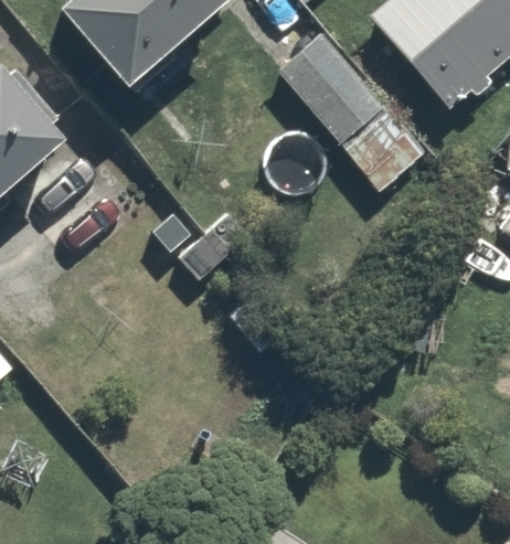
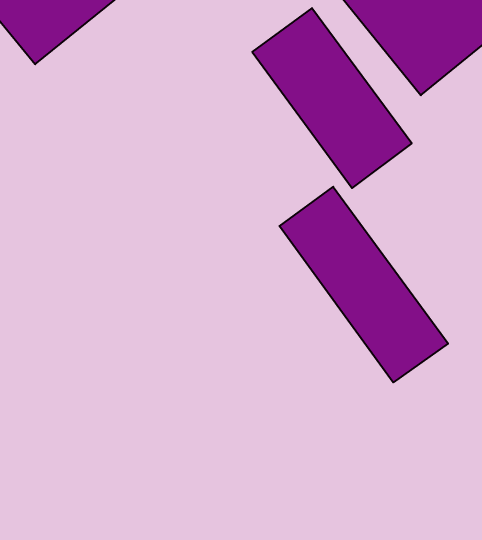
building: none -> [279,187,448,382]

